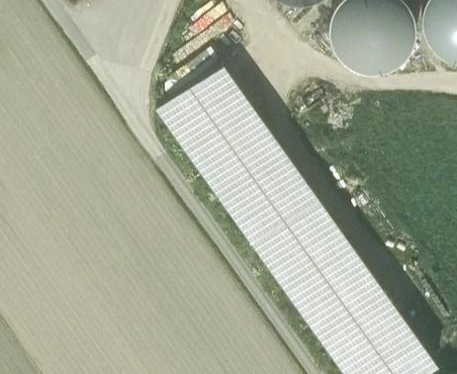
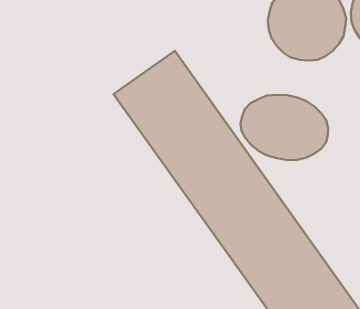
building: none -> [241,95,328,160]

